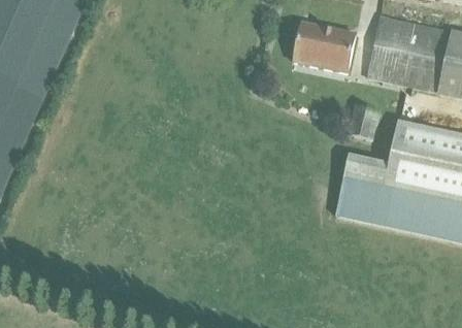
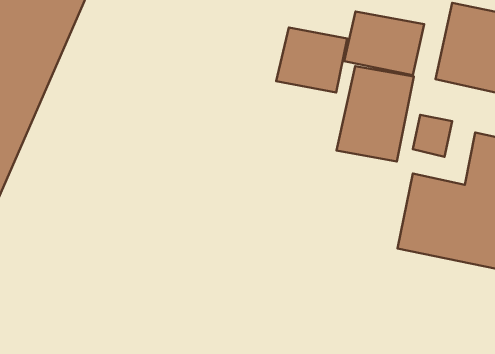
building: none -> [276,28,347,92]
building: none -> [336,66,414,161]

